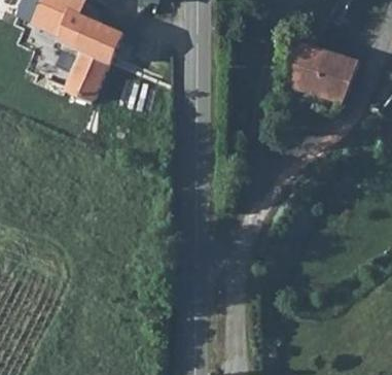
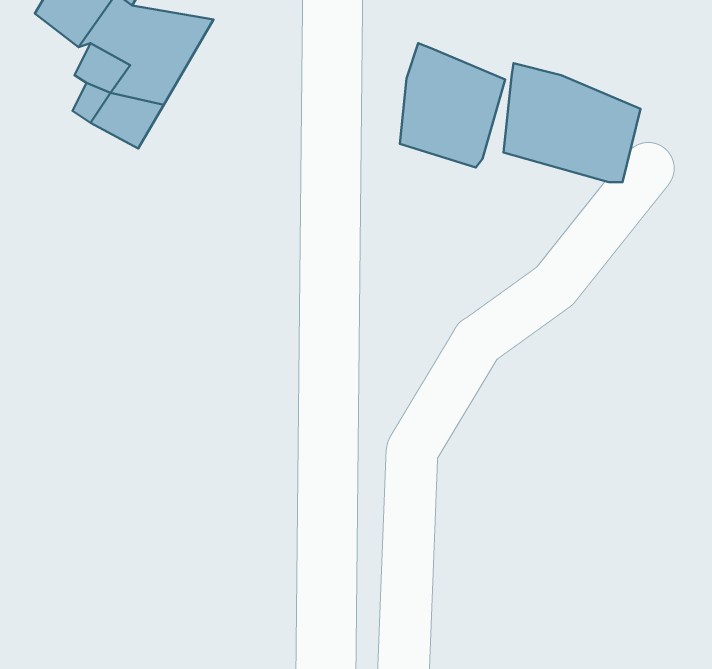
building: none -> [400,43,505,168]

